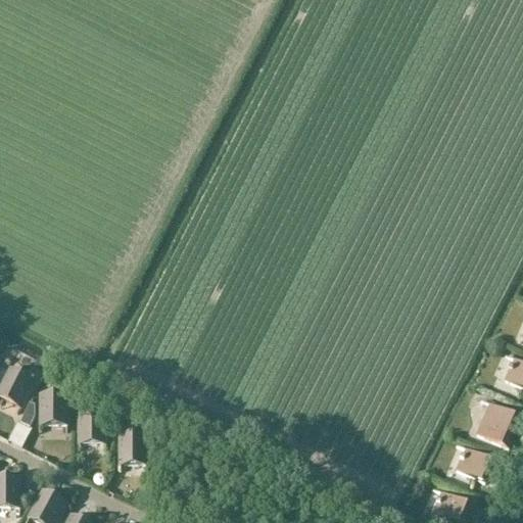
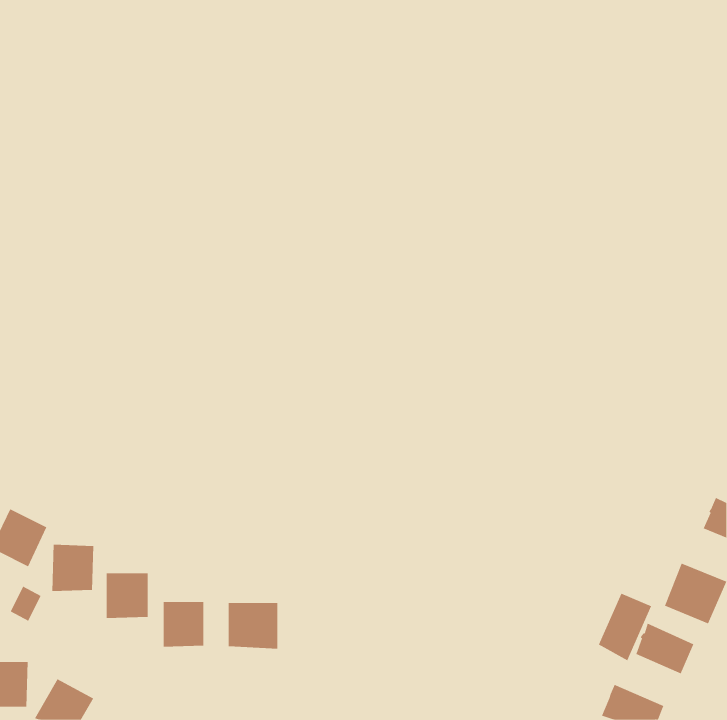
building: none -> [598,593,652,661]
building: none -> [228,602,278,650]

